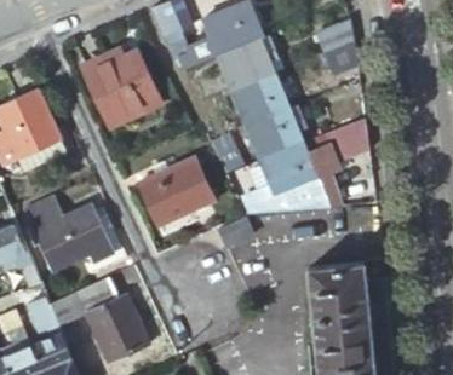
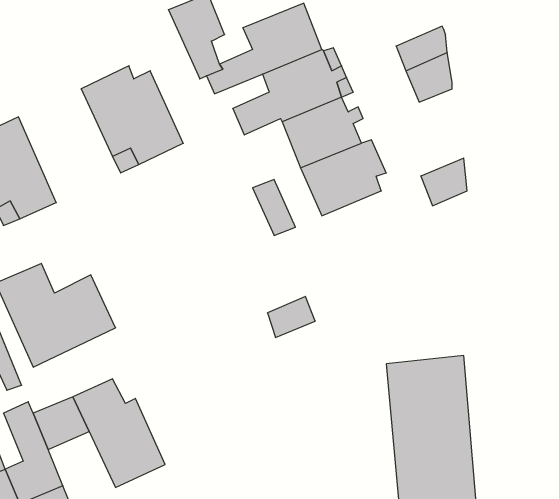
building: [245,134,339,214] -> none
building: [138,158,212,225] -> none

